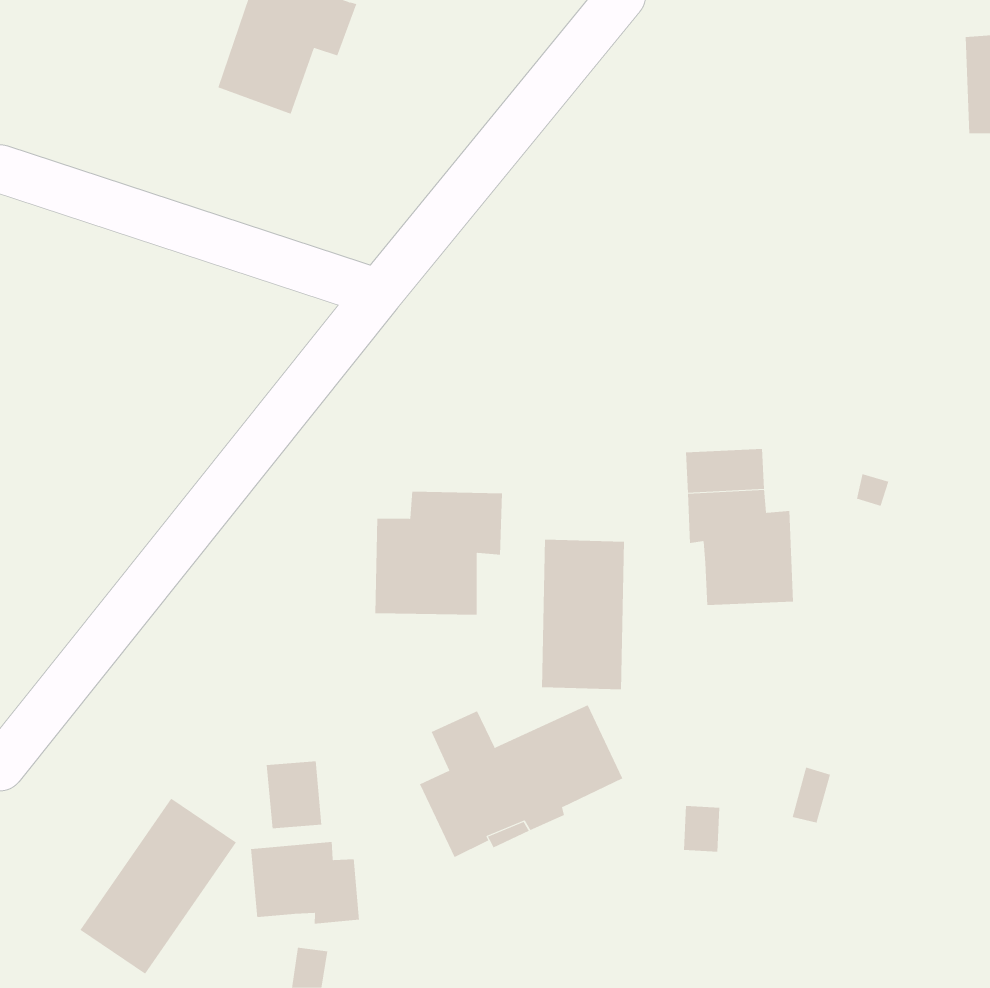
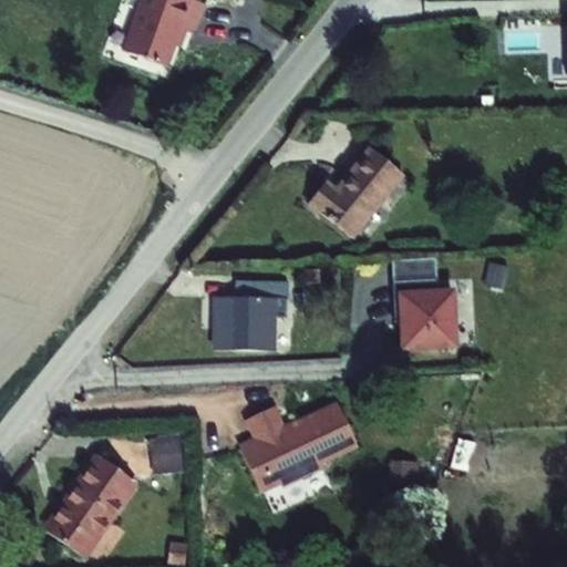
building: none -> [308,146,403,237]
building: [542,539,624,690] -> none
building: [251,841,359,924] -> none

